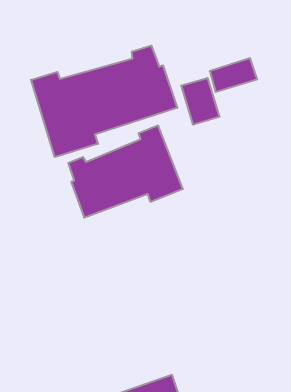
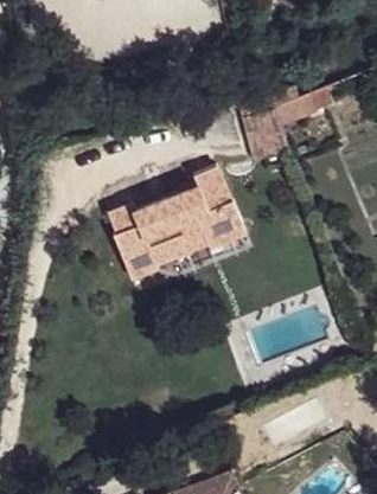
building: [31,46,177,157] -> none

